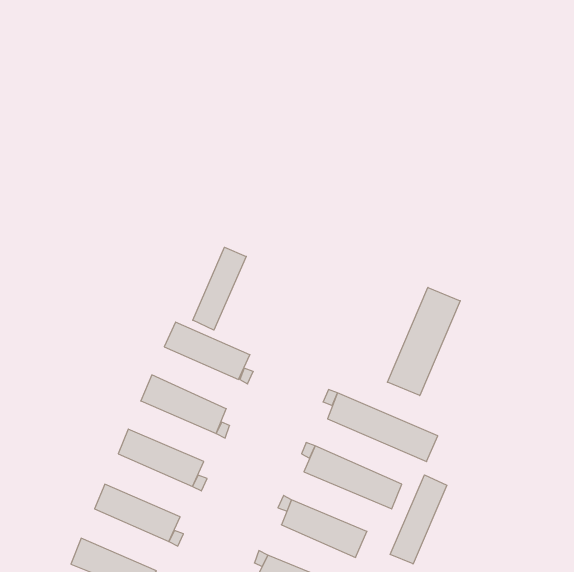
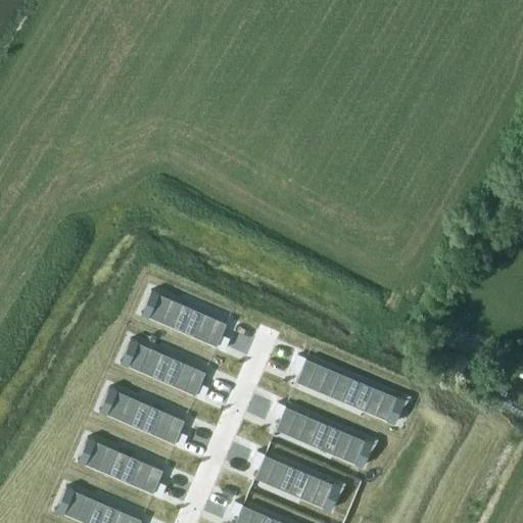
building: [193,247,246,330] -> none
building: [387,287,460,396] -> none
building: [390,475,447,564] -> none

